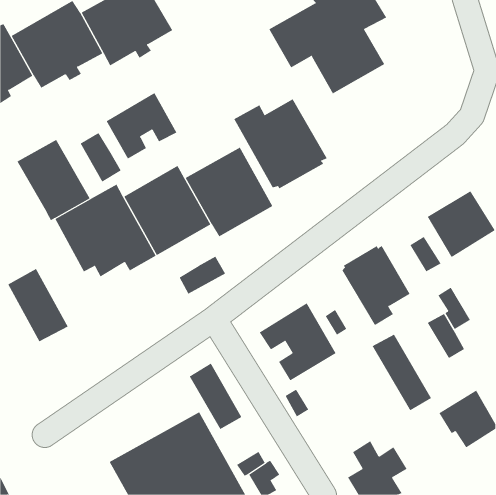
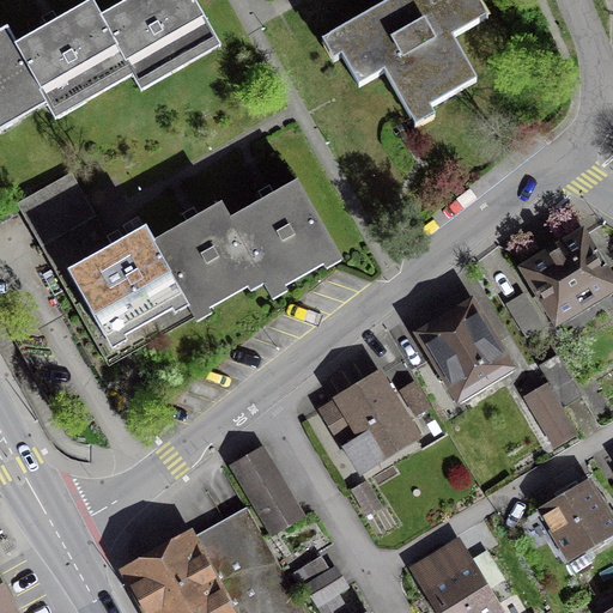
building: [106,92,177,159] -> none
building: [234,99,327,189] -> none
building: [80,132,122,183] -> none
building: [179,256,226,294] -> none
building: [8,268,69,342] -> none
building: [372,334,432,411] -> none

